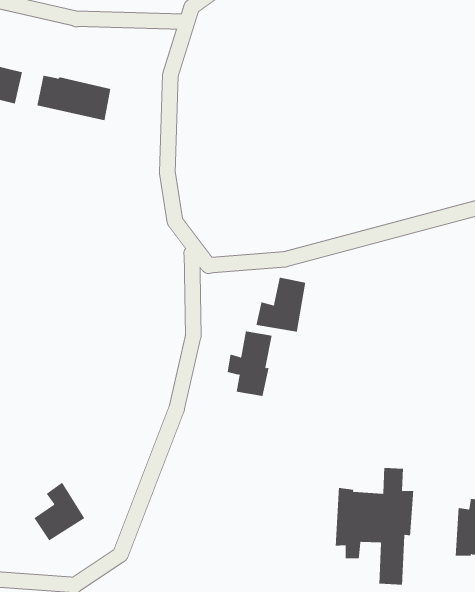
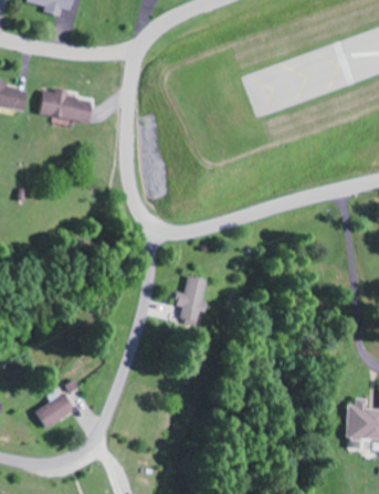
building: [256,277,306,332] -> none
building: [335,467,414,586] -> none

